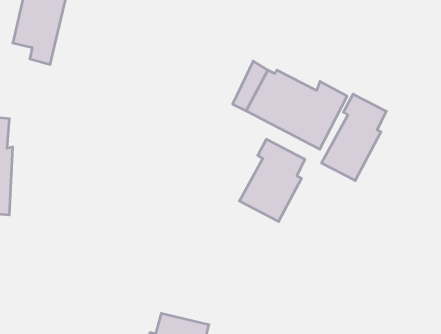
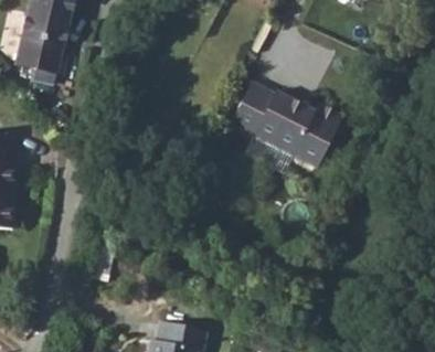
building: [322,94,386,181] -> none
building: [239,139,305,222] -> none

